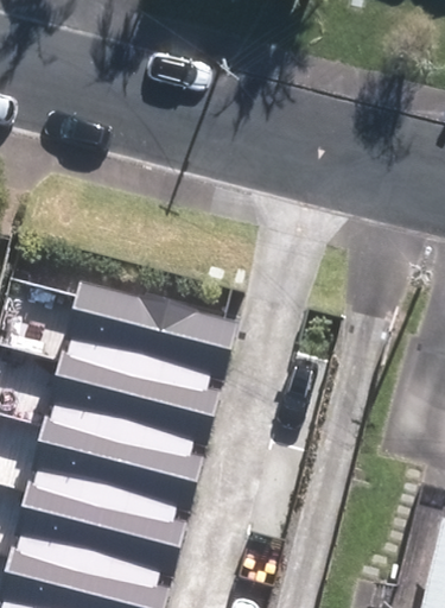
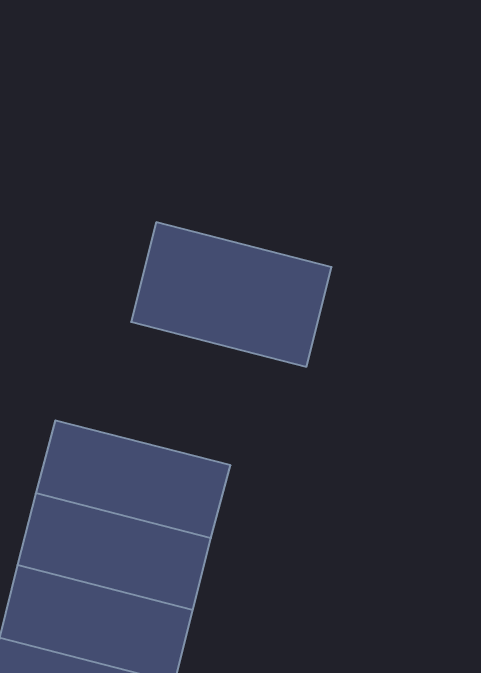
building: [58,280,228,403] -> [131,222,332,367]

